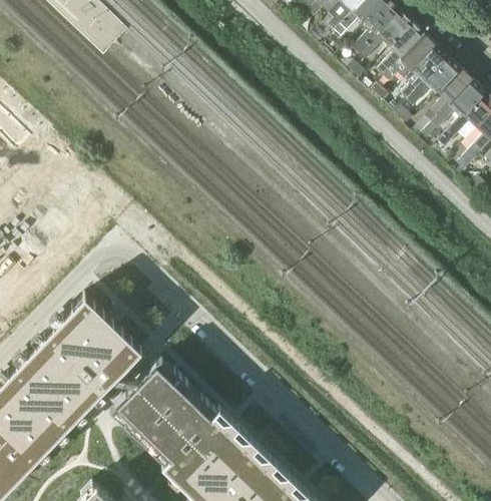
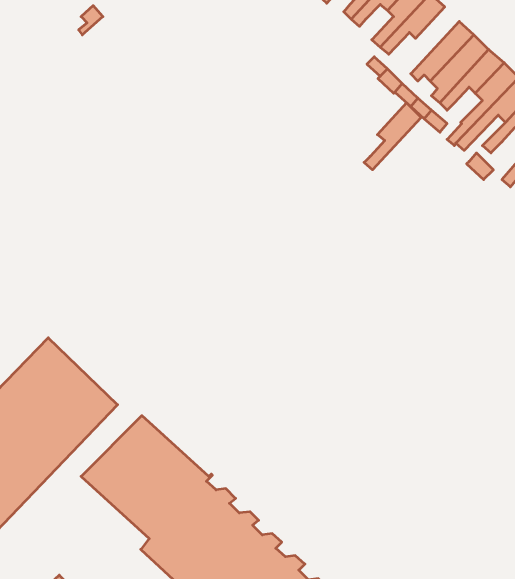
building: [377,24,424,79] -> [364,103,421,170]

